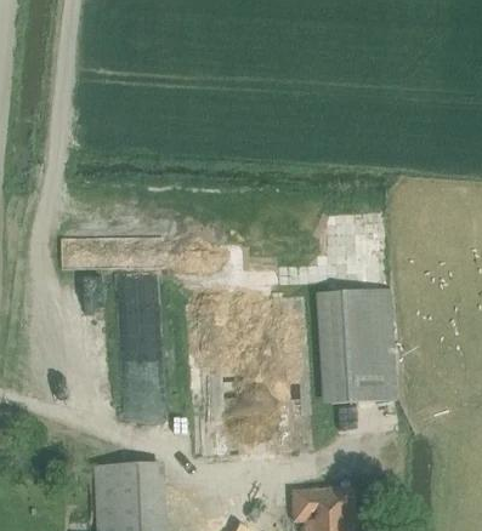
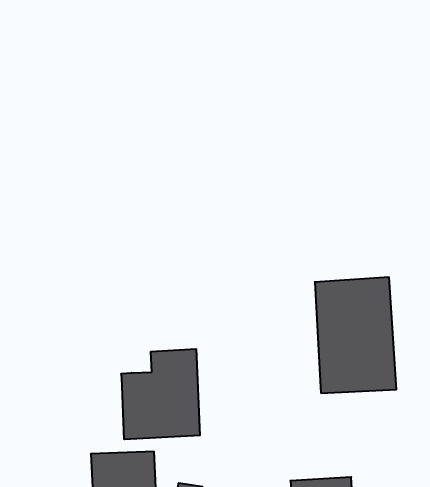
building: none -> [121,349,200,439]

